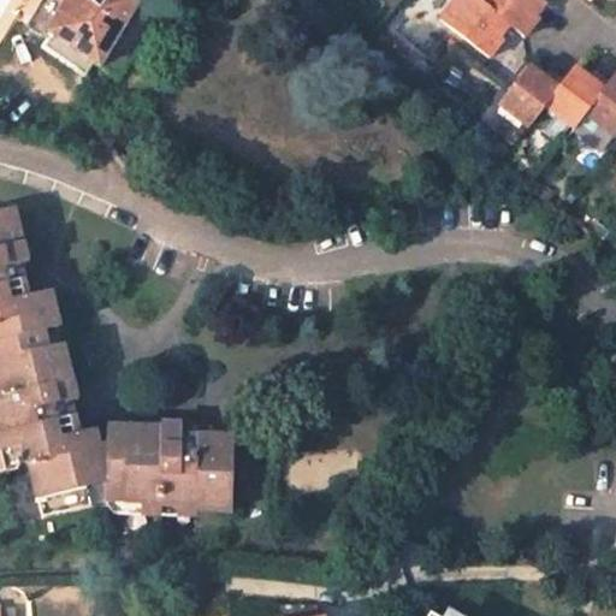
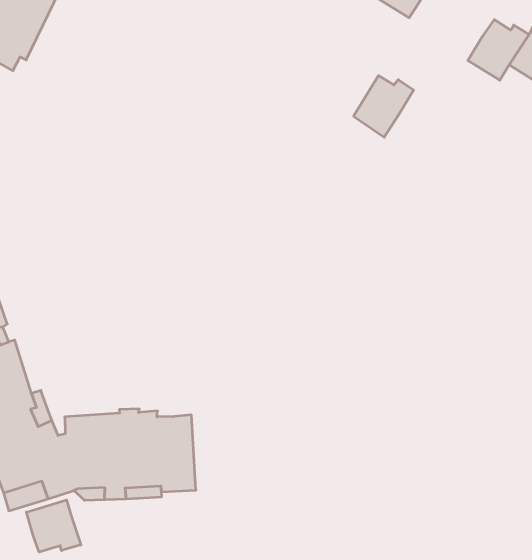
building: [498,63,561,125] -> [354,76,414,137]
building: none -> [26,500,81,552]

